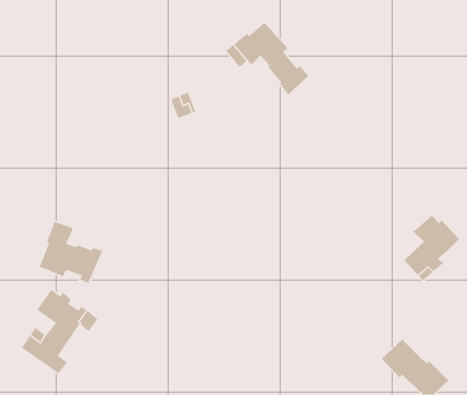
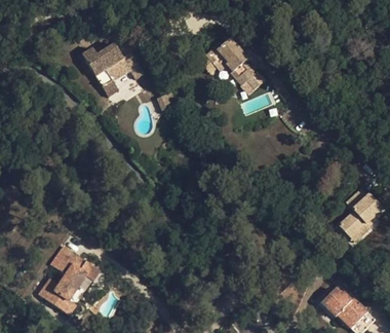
building: none -> [81,42,144,96]
building: [39,221,103,284] -> none

